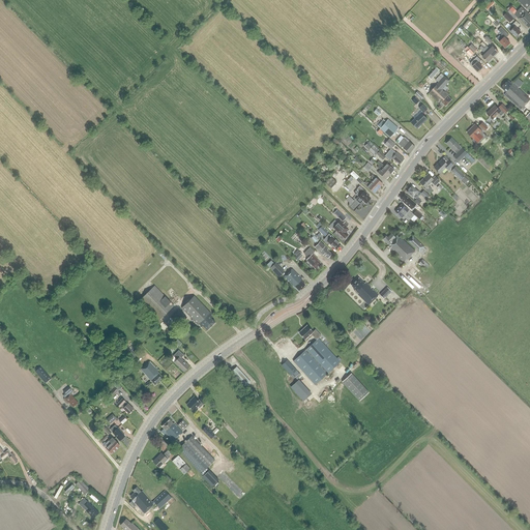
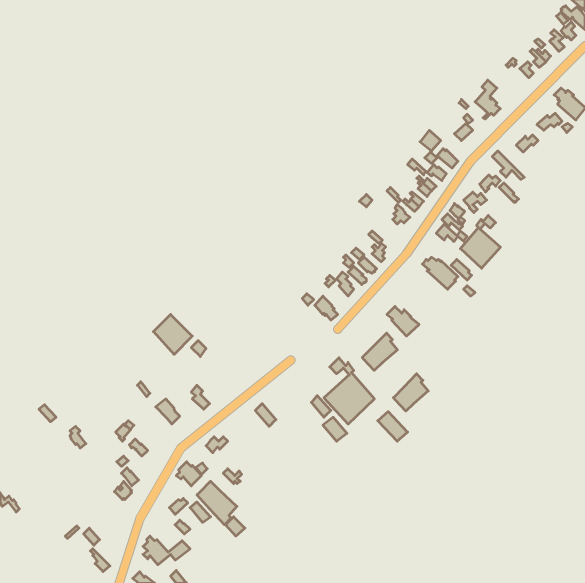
building: none -> [460,215,500,268]
building: [181,295,215,329] -> none
building: none -> [362,333,397,370]
building: none -> [393,374,428,411]

